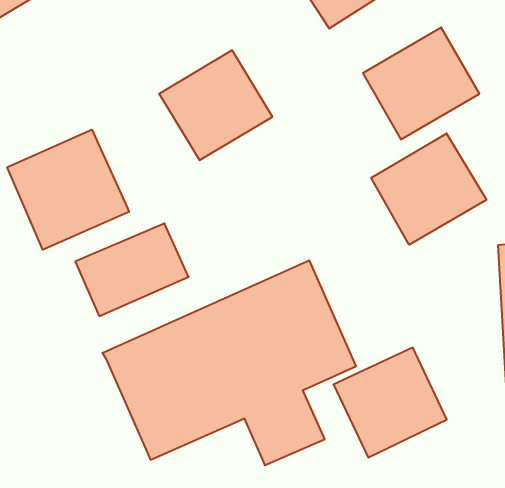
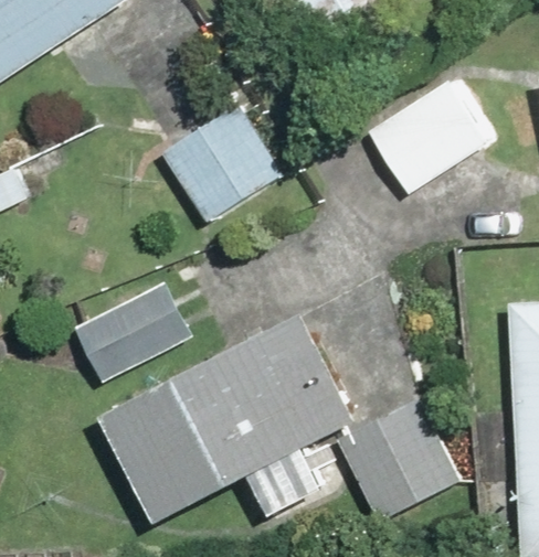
building: [7,130,129,250] -> none
building: [371,133,486,245] -> none

